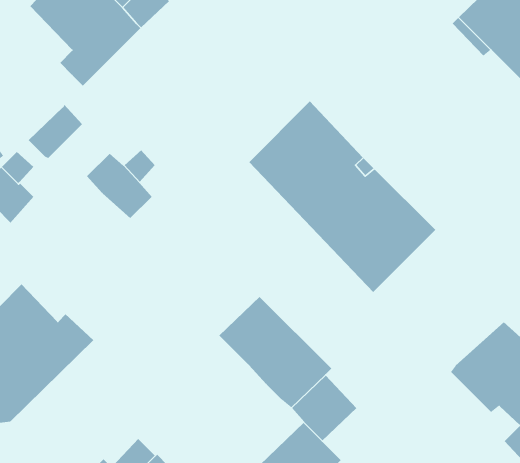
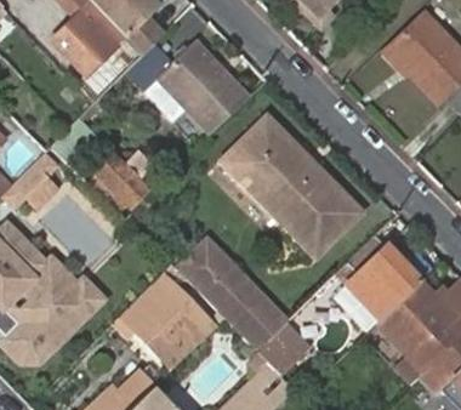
building: none -> [144,41,247,135]
building: none -> [336,234,420,329]
building: none -> [173,235,232,292]
building: none -> [113,272,212,366]

